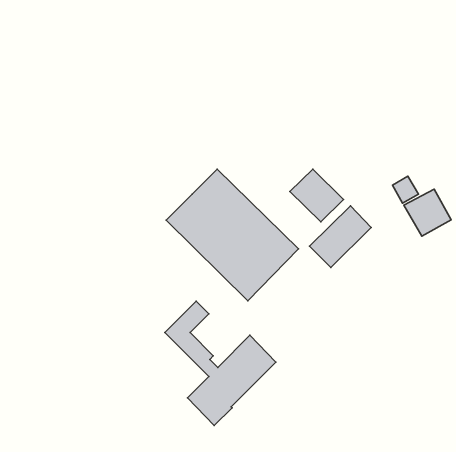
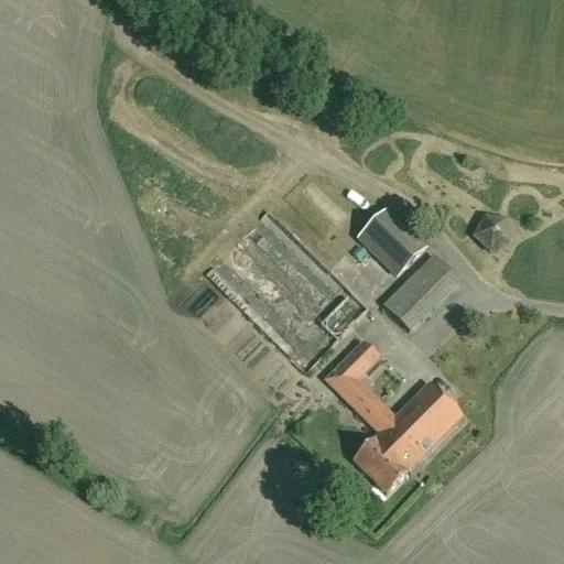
building: [404,189,451,236] -> none
building: [165,301,276,426] -> [325,339,462,492]

